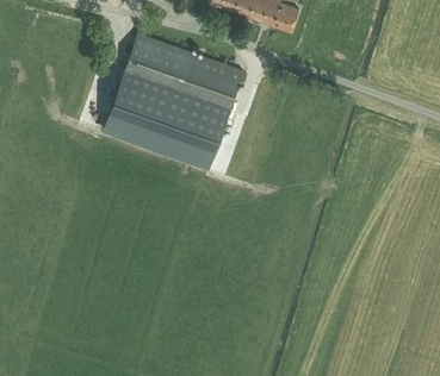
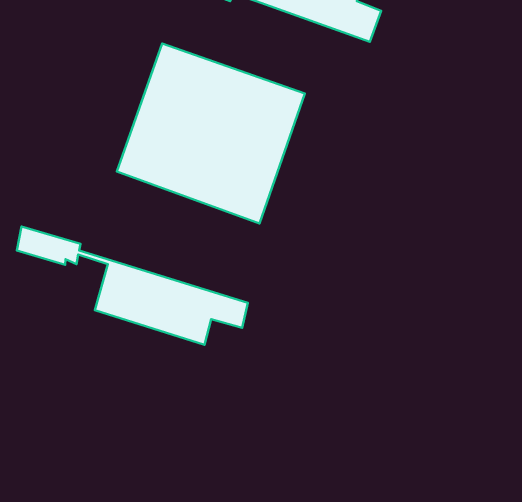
building: none -> [17,226,248,345]

